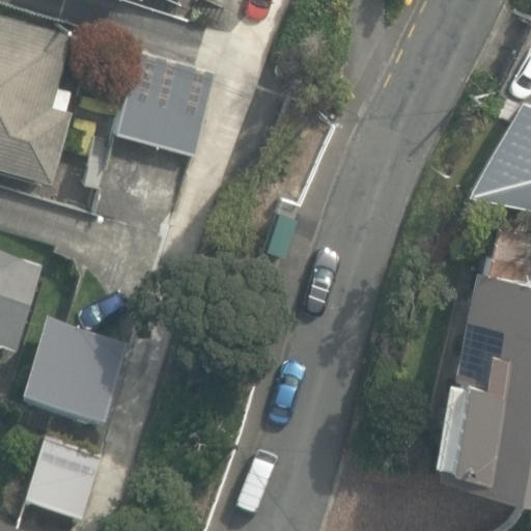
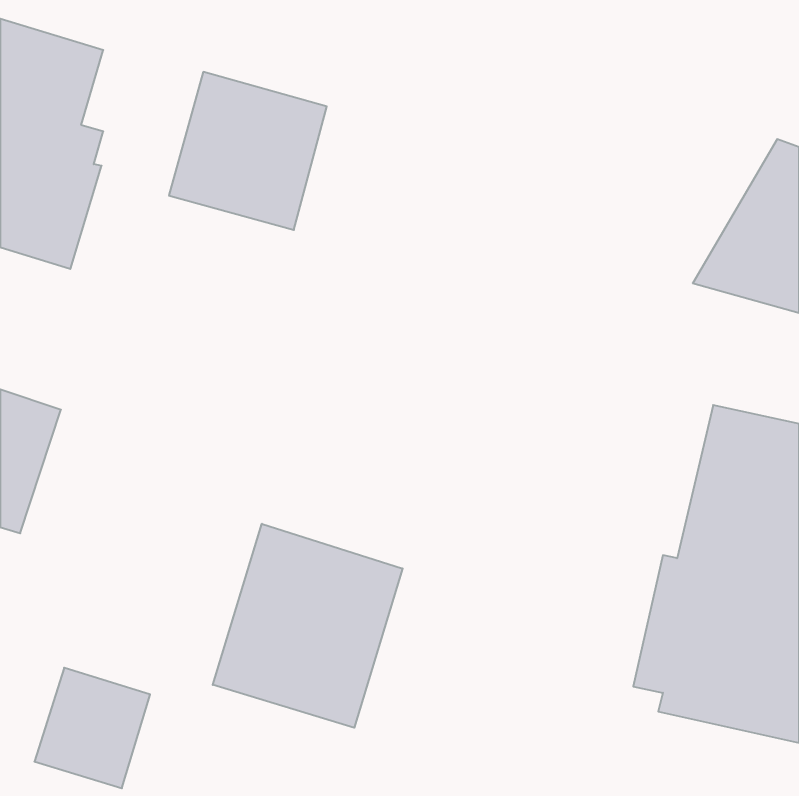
building: [20,328,122,429] -> none
building: none -> [213,524,403,728]

